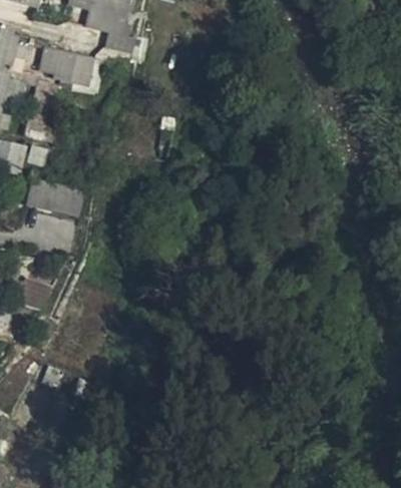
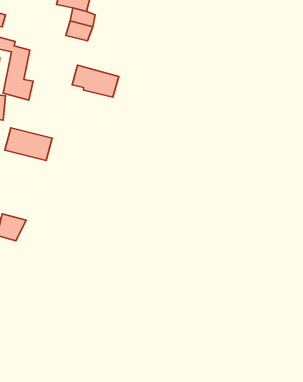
building: [37,47,91,84] -> [72,65,119,97]

